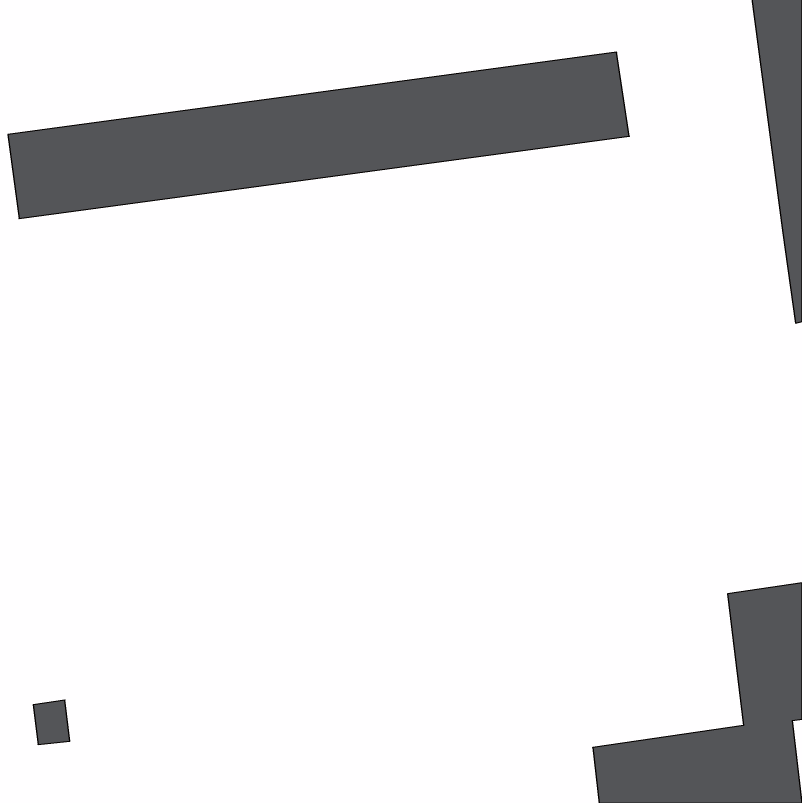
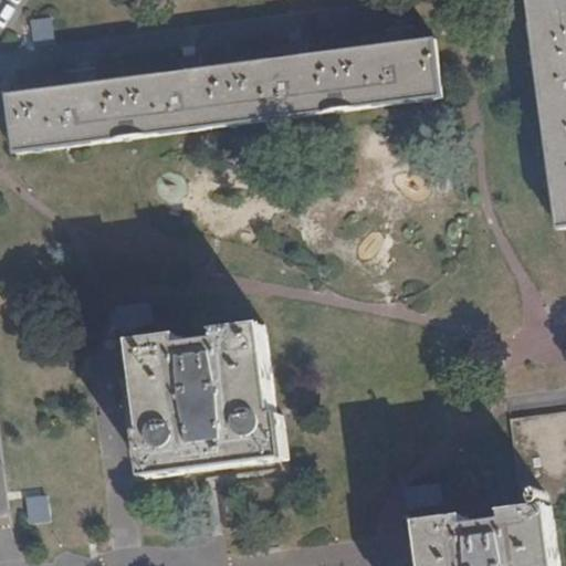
building: none -> [128,323,284,475]

